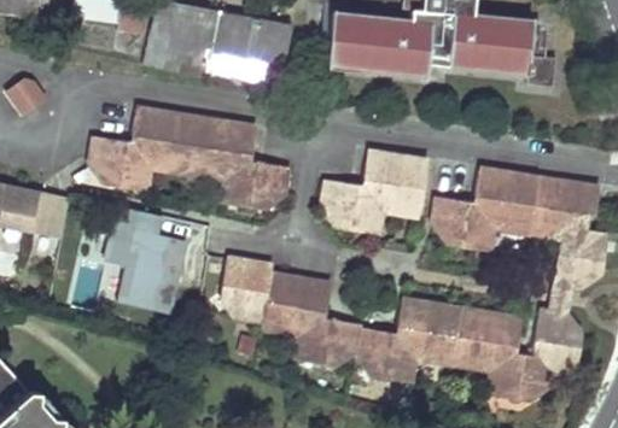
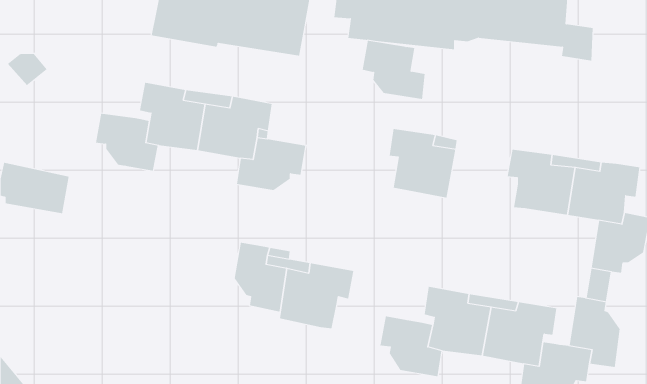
building: [323,178,383,234] -> [362,40,425,100]
building: [435,197,492,251] -> none
building: [107,207,183,313] -> none
building: [298,316,362,367] -> none

